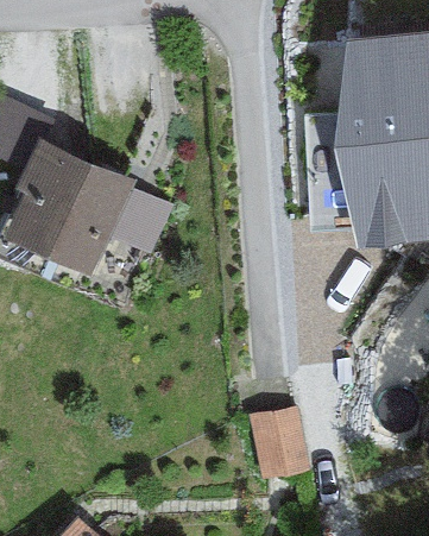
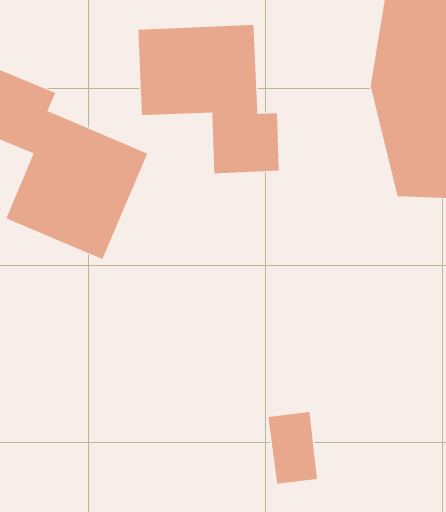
building: none -> [138,24,279,174]

